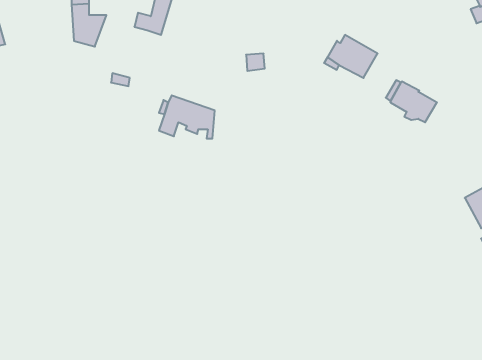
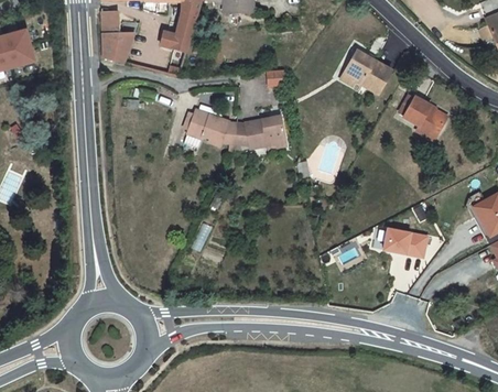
building: none -> [235,116,285,150]
building: none -> [382,226,429,259]

